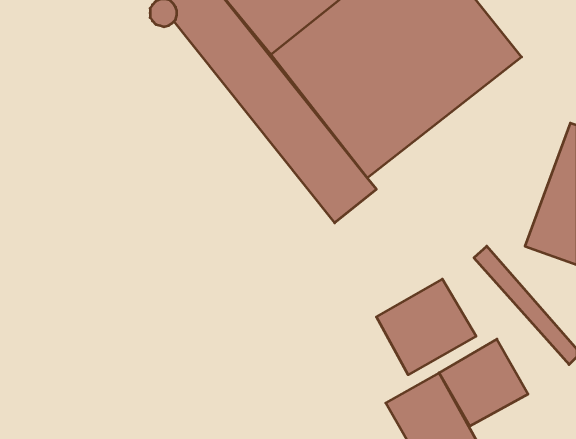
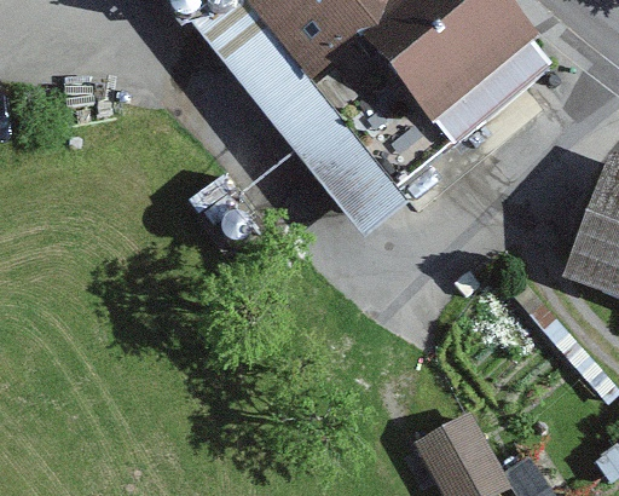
building: [376,279,476,375] -> none
building: [439,339,528,426] -> none

